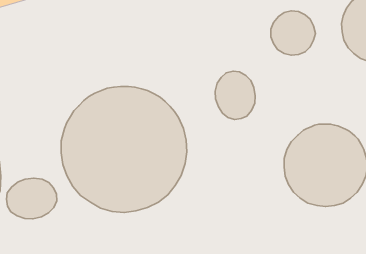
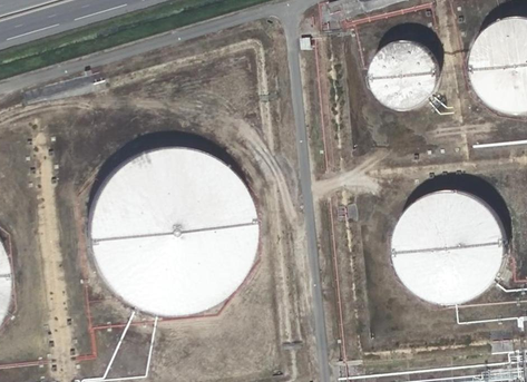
building: [215,71,255,119] -> none
building: [6,178,57,219] -> none

